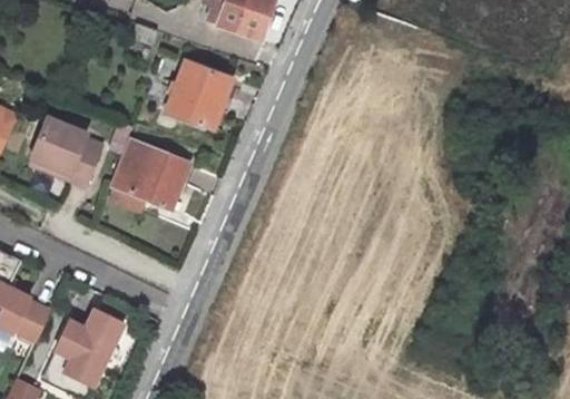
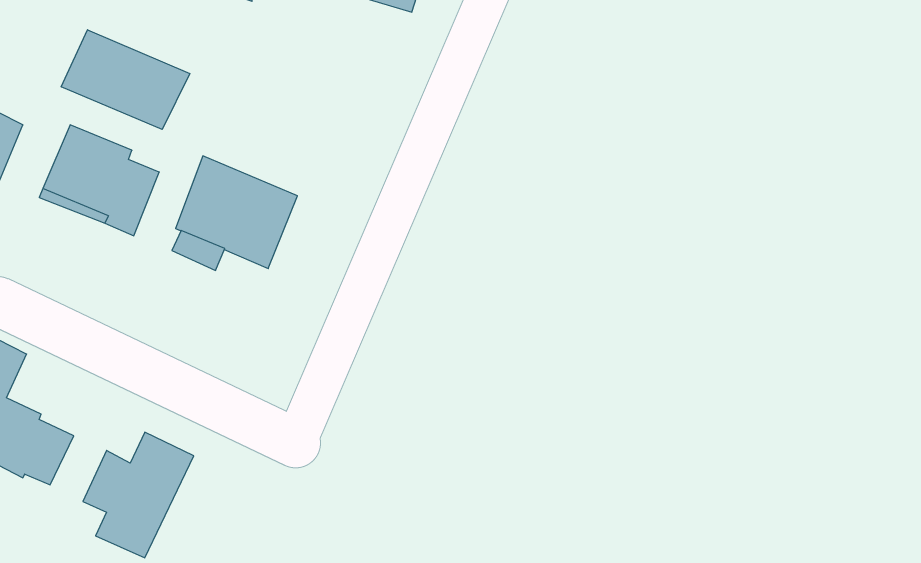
building: [166,58,234,128] -> none
building: none -> [61,30,190,129]

